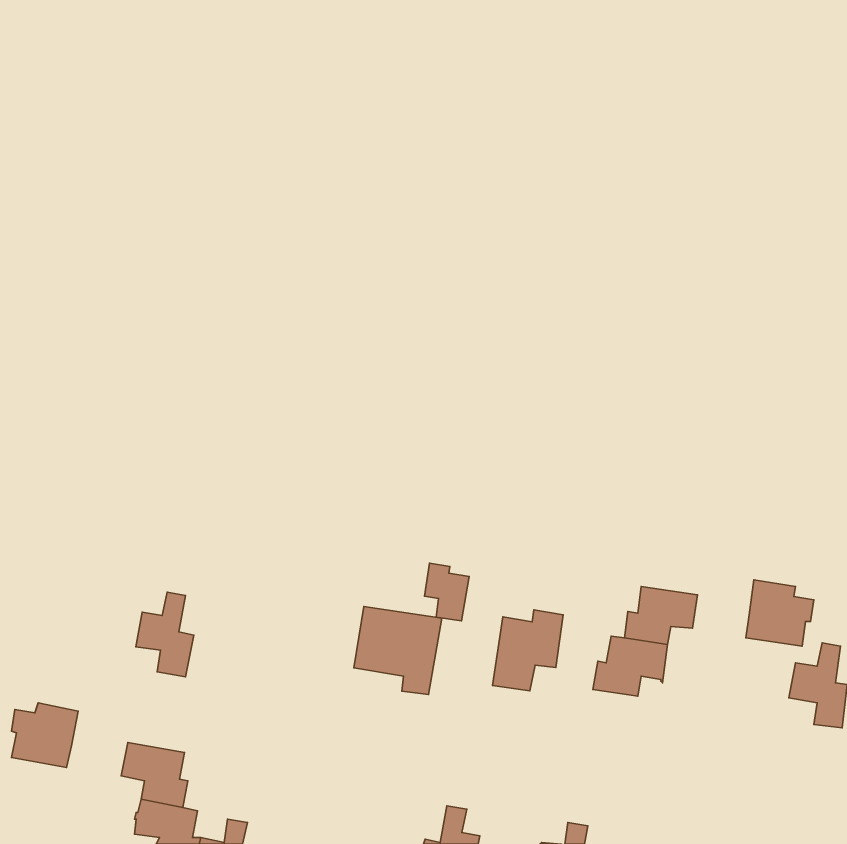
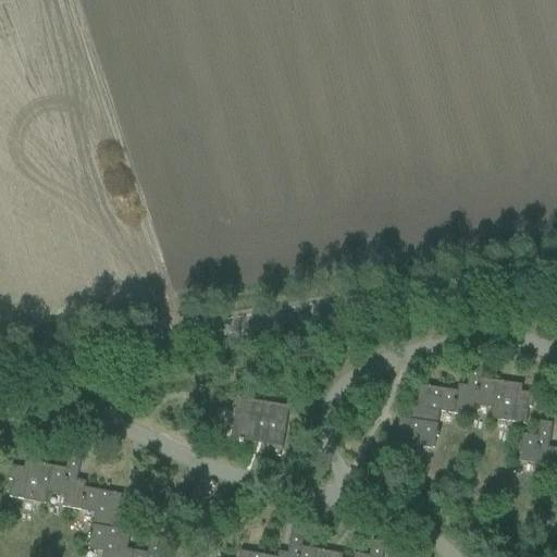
building: none -> [455,361,495,414]
building: [425,563,469,621] -> none
building: [136,592,194,677] -> [48,453,86,508]
building: [493,610,563,691] -> none

